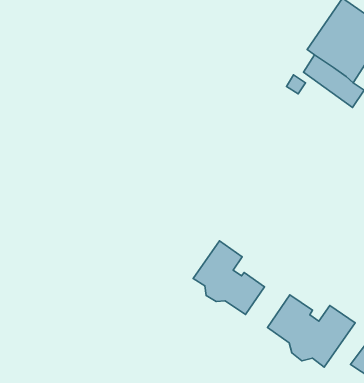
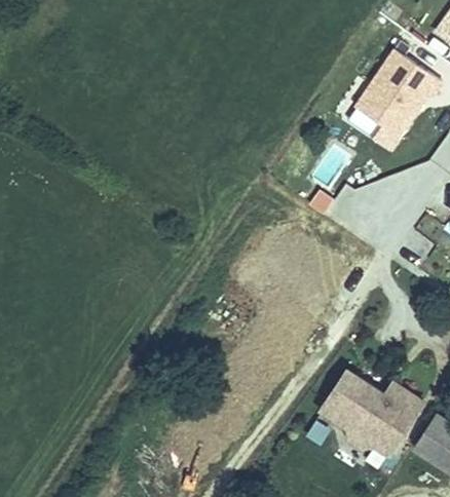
building: [193,241,265,315] -> none

